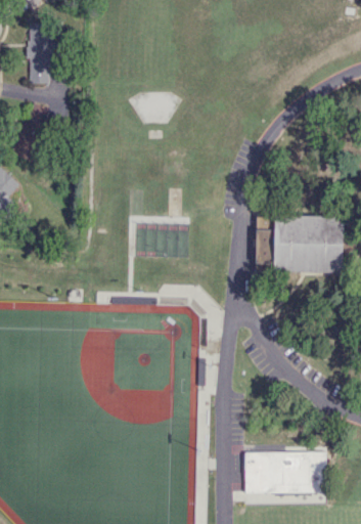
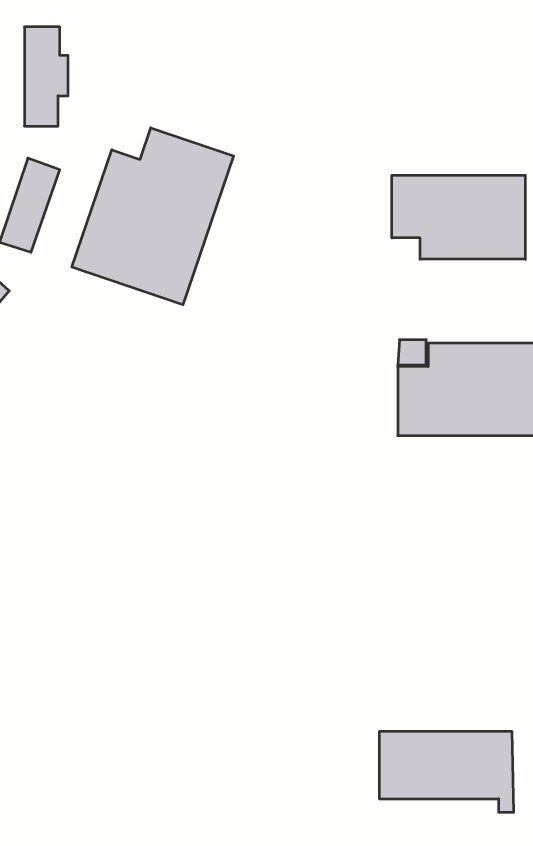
building: none -> [72,128,234,305]
building: none -> [392,175,525,259]

